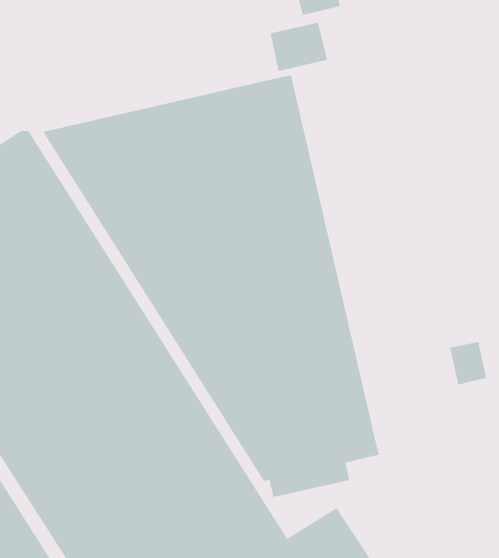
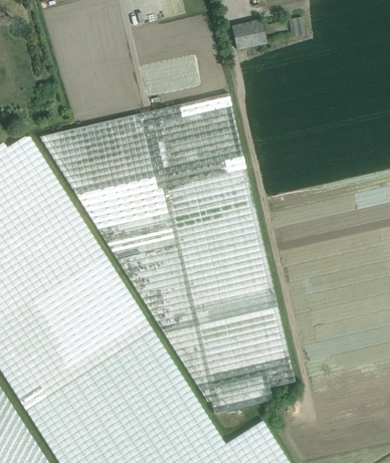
building: [270,22,328,72] -> none
building: [449,341,487,385] -> none

